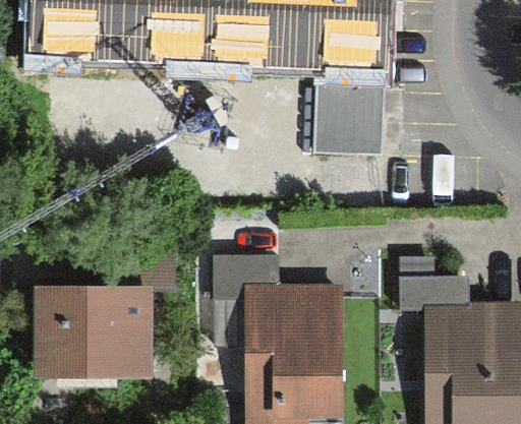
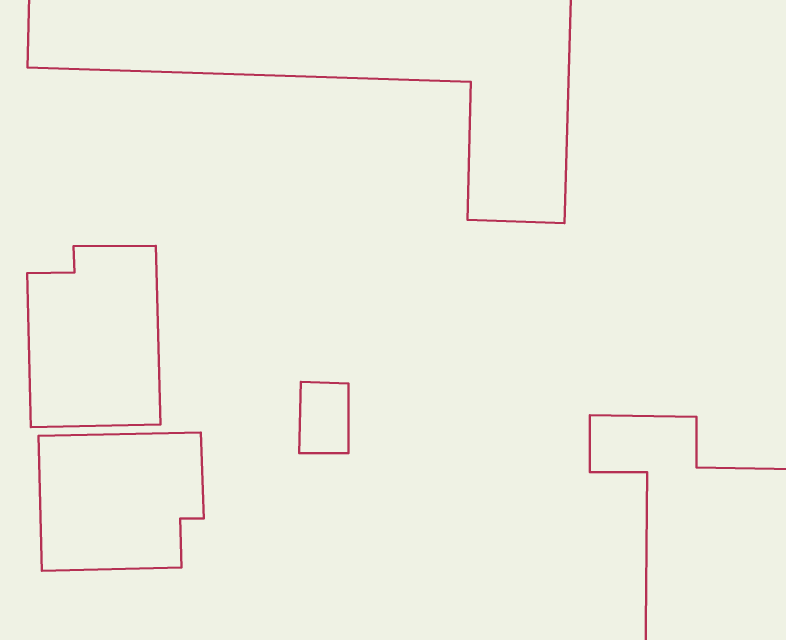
building: none -> [27,246,161,427]
building: [249,291,342,414] -> none

